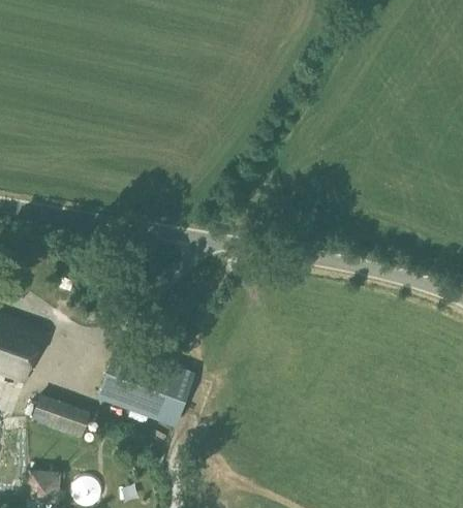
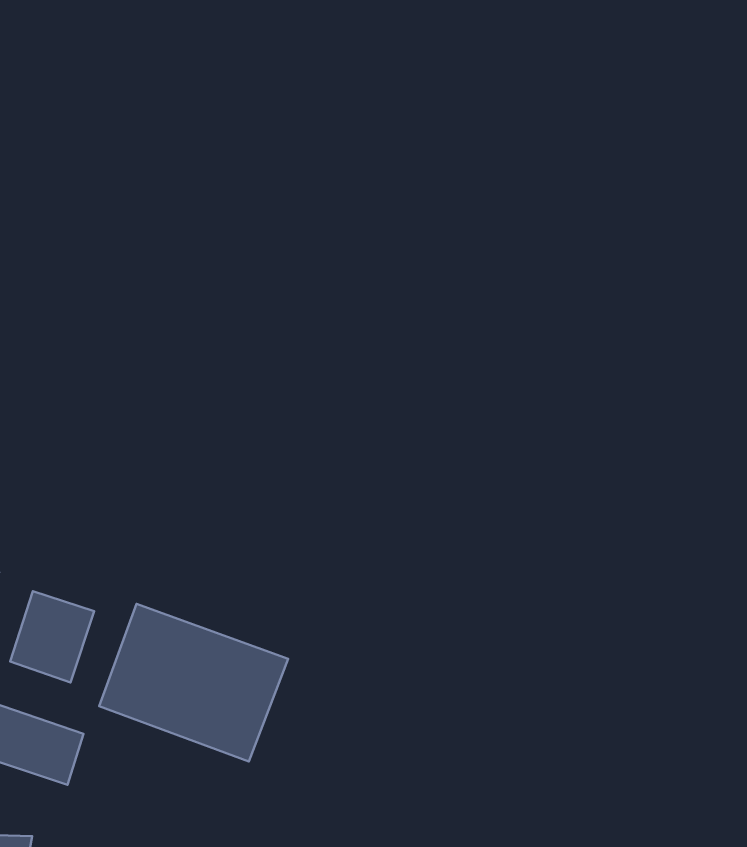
building: none -> [10,591,94,683]

